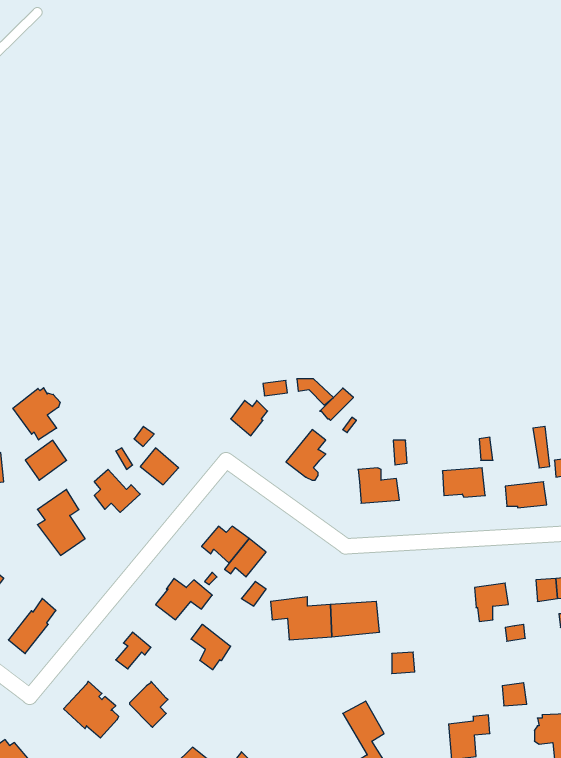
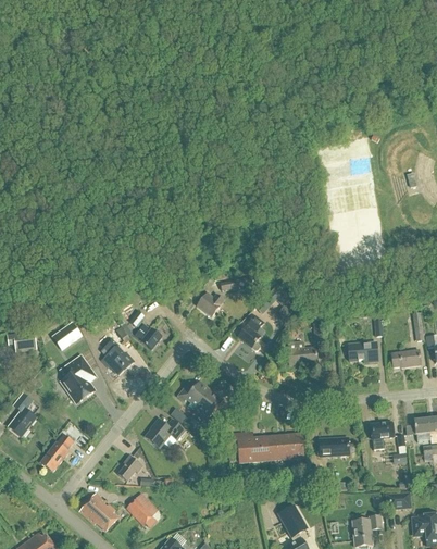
building: [13,388,60,440] -> none
building: none -> [320,438,349,457]
building: [191,624,231,670] -> none

